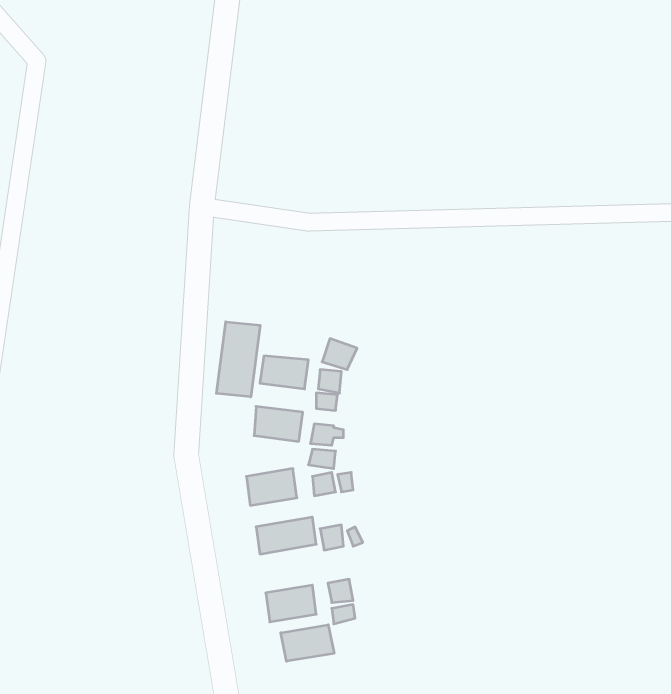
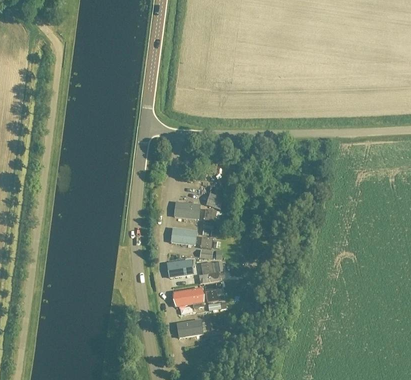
building: [216,322,260,397] -> none
building: [281,625,334,661] -> none

